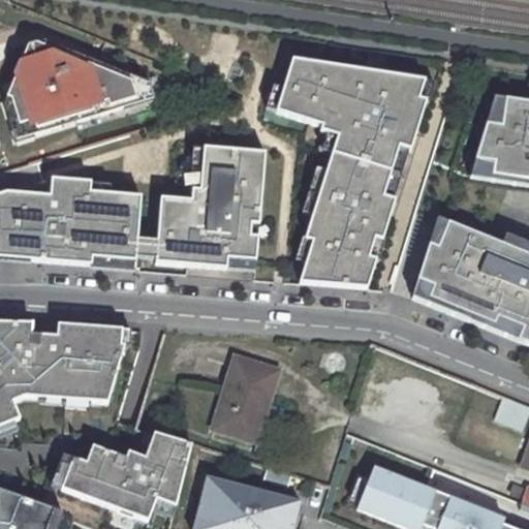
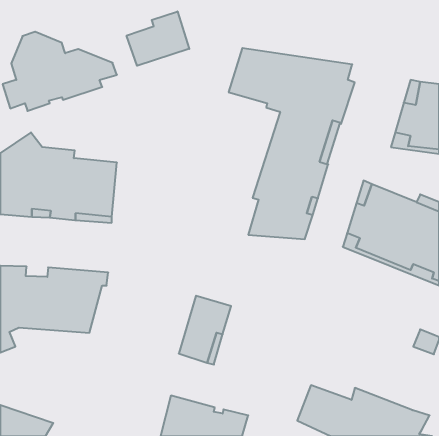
building: none -> [127,11,189,66]
building: [154,146,264,268] -> none
building: [61,432,190,520] -> none

